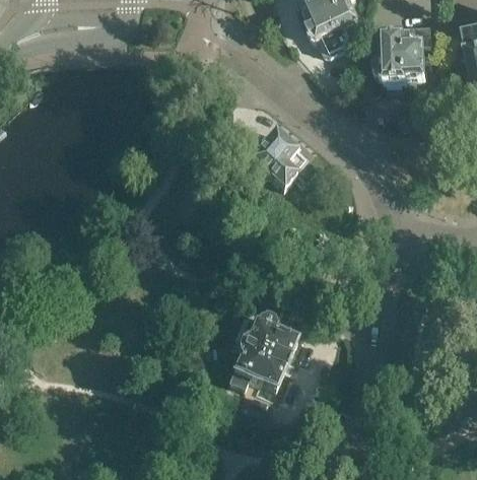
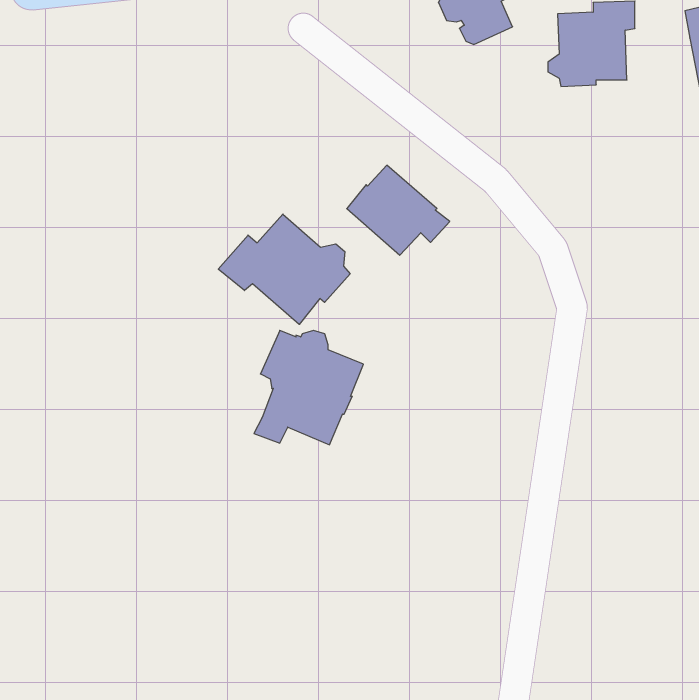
building: none -> [218,214,350,324]
building: [226,316,295,388] -> [254,330,363,445]

